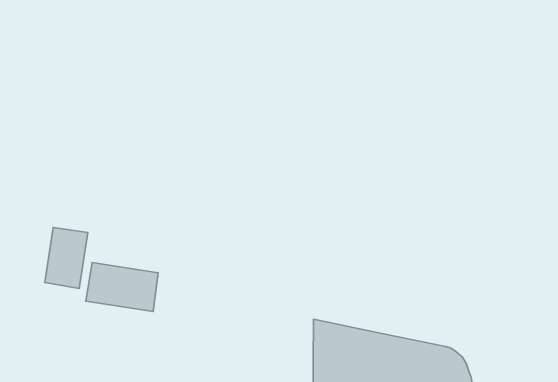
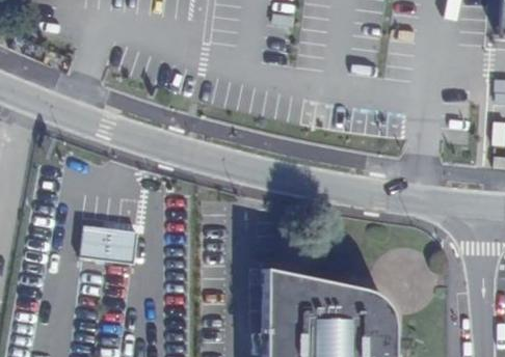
building: [45,228,88,289] -> none

